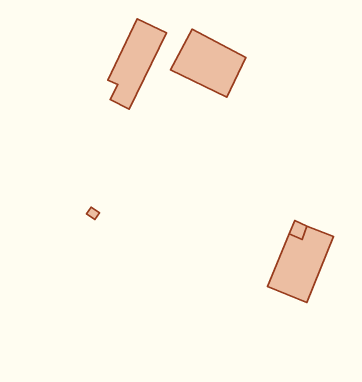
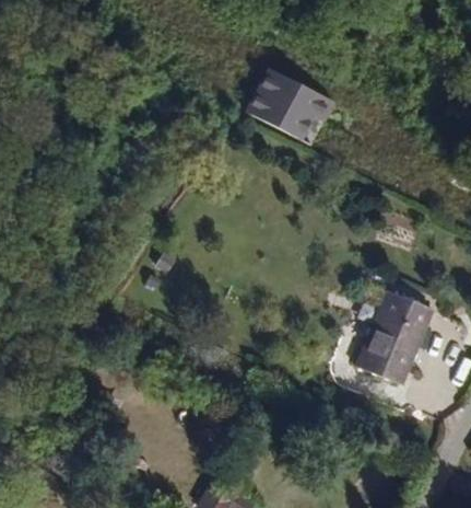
building: [108,19,166,109] -> none

